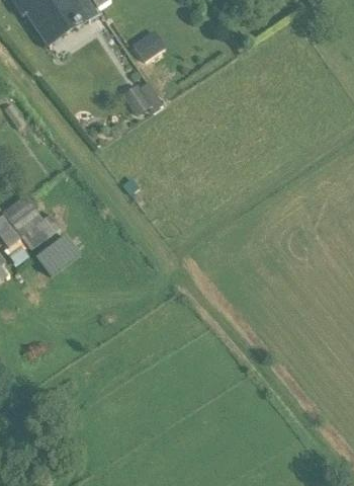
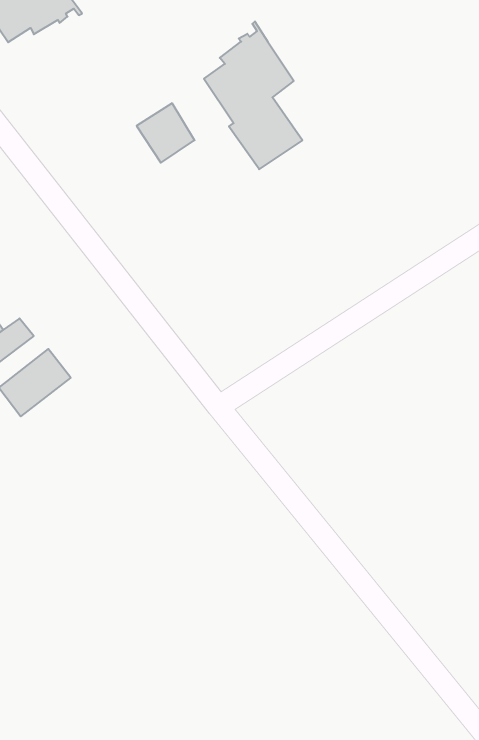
building: none -> [204,21,302,169]

